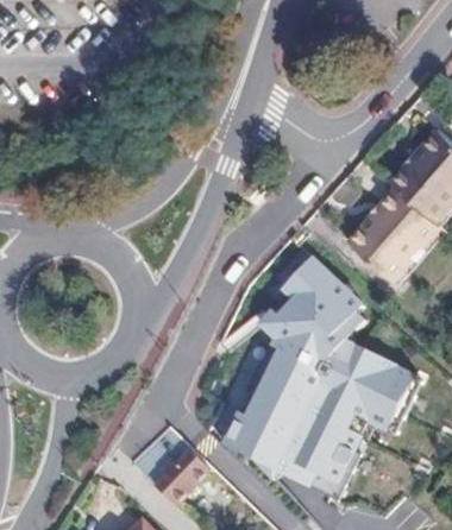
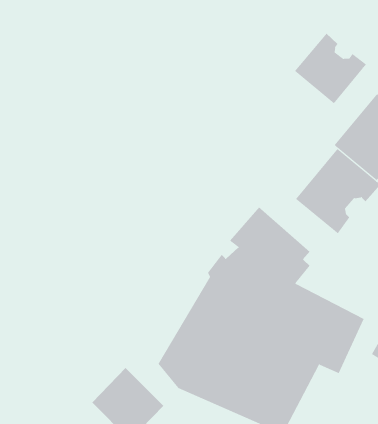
building: none -> [294,33,367,104]

